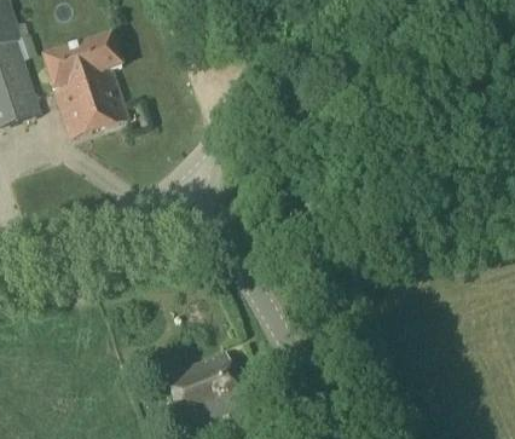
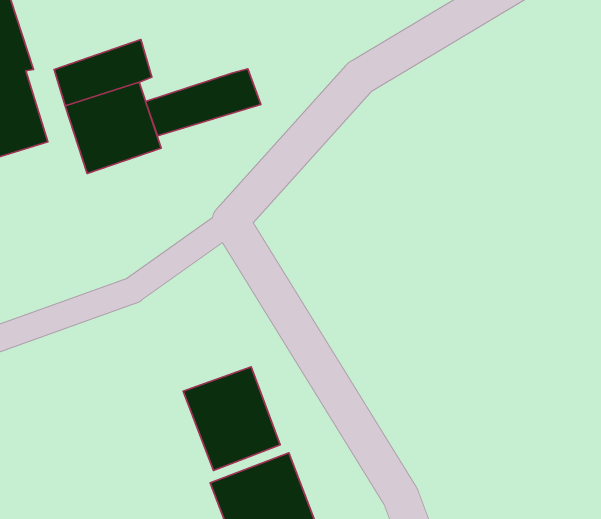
building: none -> [146,69,261,136]
building: none -> [183,367,280,471]

